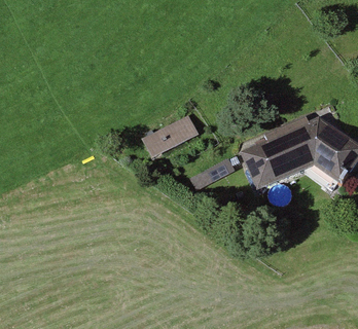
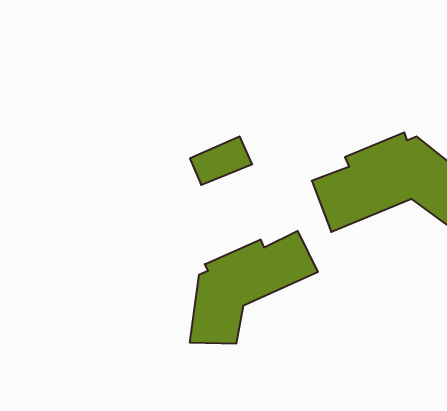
building: none -> [190,231,318,344]

